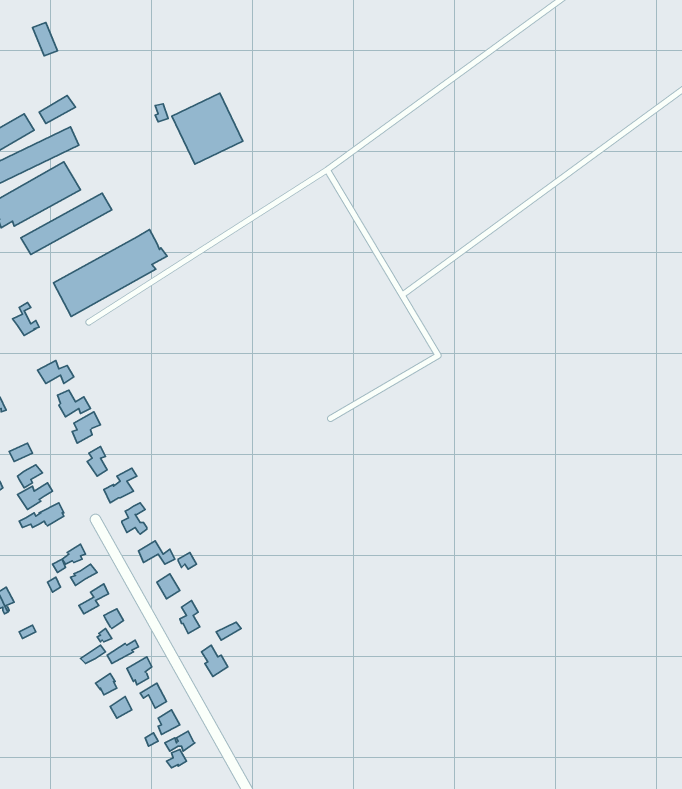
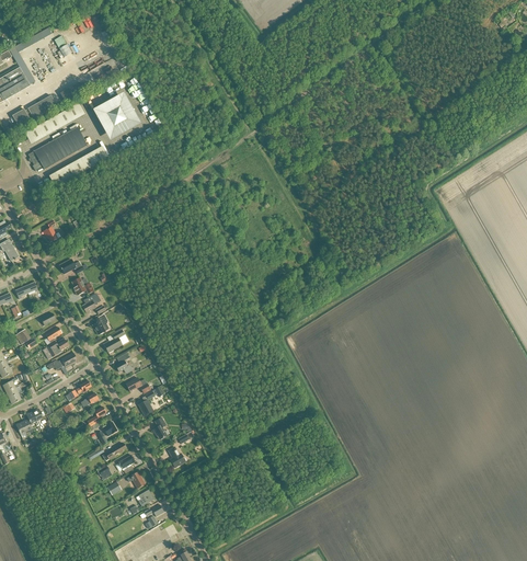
building: [172,93,243,164] -> [95,92,142,139]
building: [53,229,167,317] -> none

